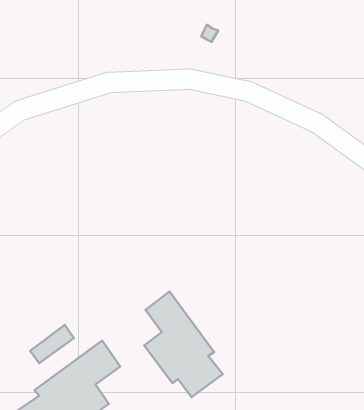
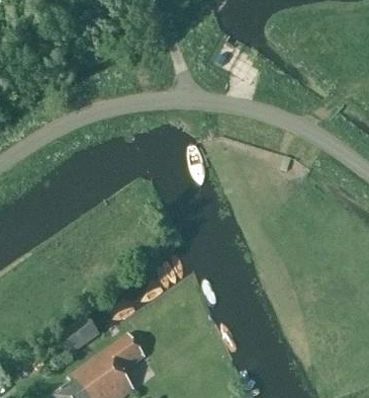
building: [144,291,223,397] -> none

